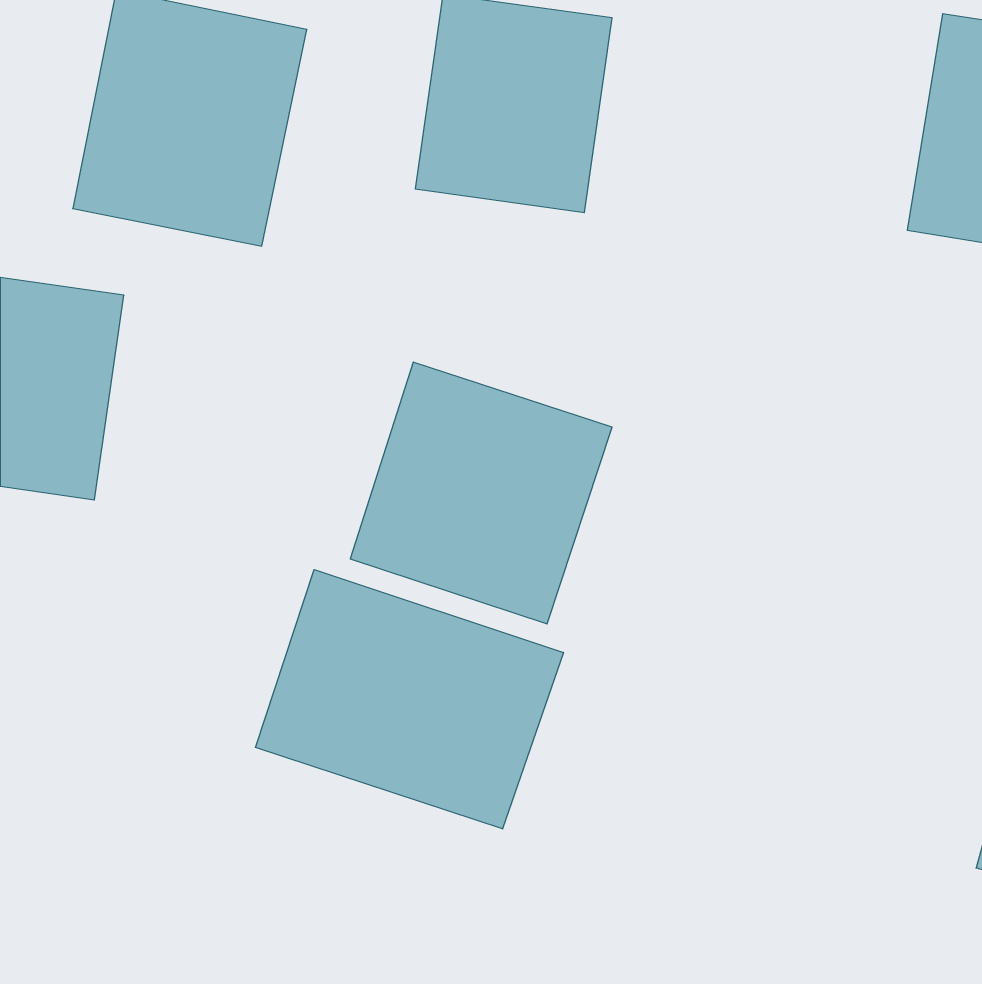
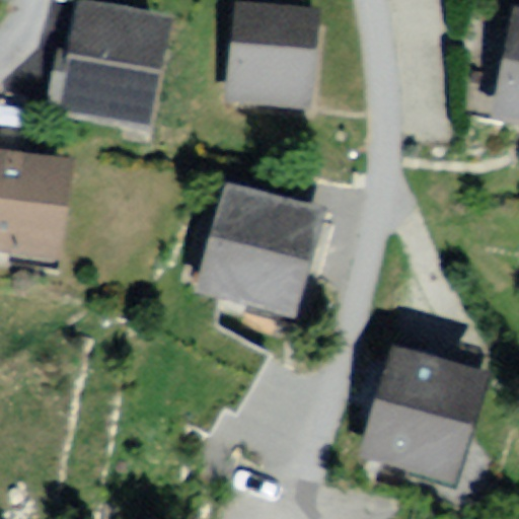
building: [255,570,563,829] -> none
building: none -> [346,339,492,494]

